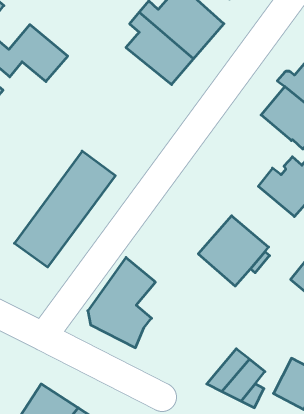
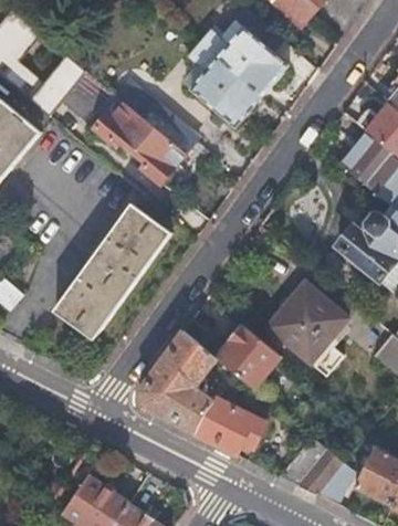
building: none -> [93,104,184,185]
building: none -> [216,323,280,387]
building: none -> [193,396,266,454]

